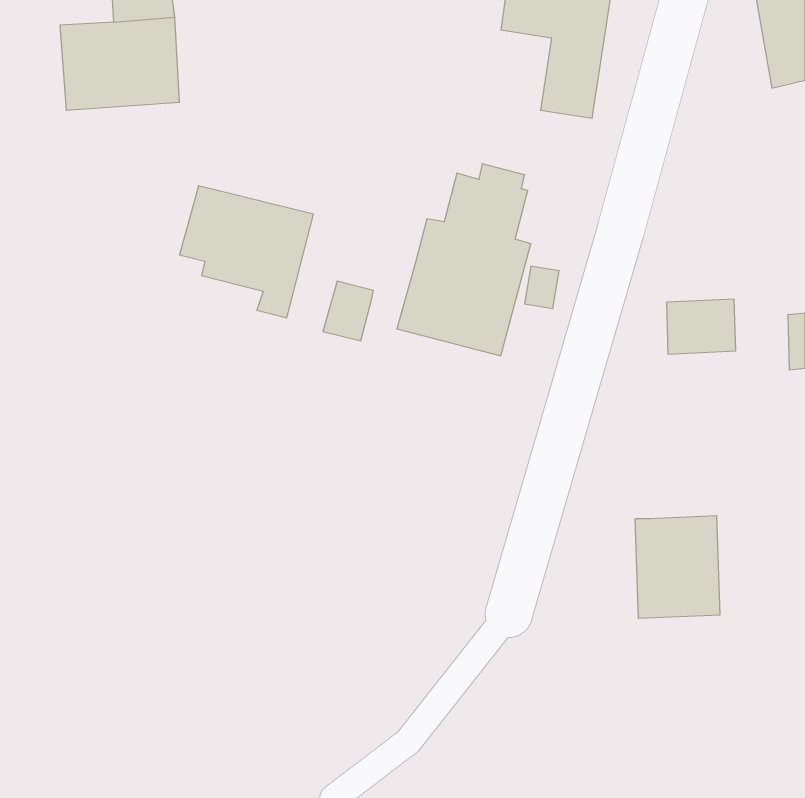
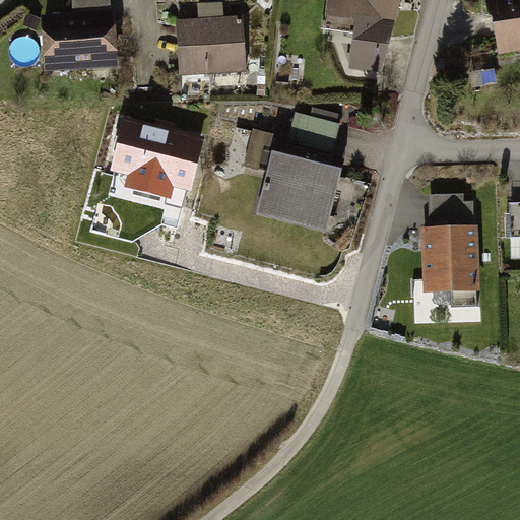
building: none -> [174,15,247,77]
building: [323,281,373,341] -> [244,130,276,169]
building: [635,516,720,618] -> [421,226,476,292]

